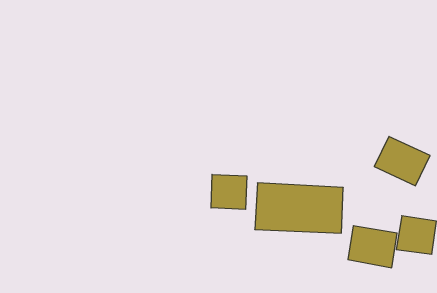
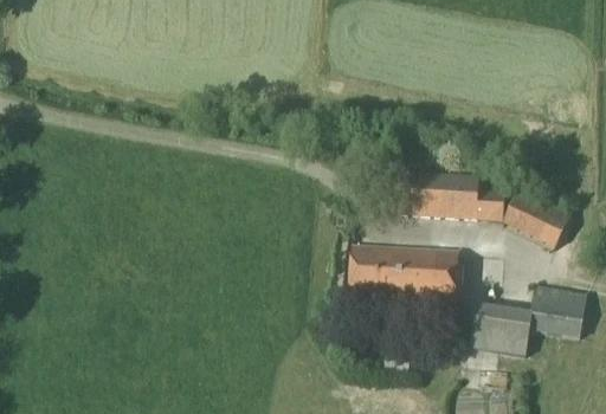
building: none -> [386,169,505,221]
building: [211,174,247,209] -> none

